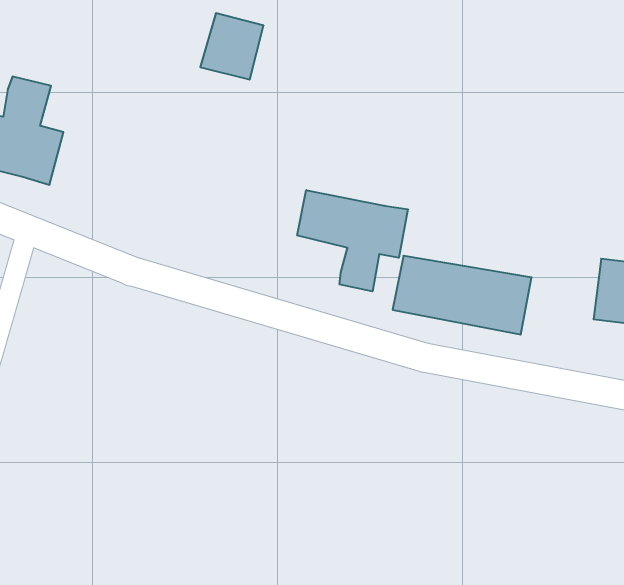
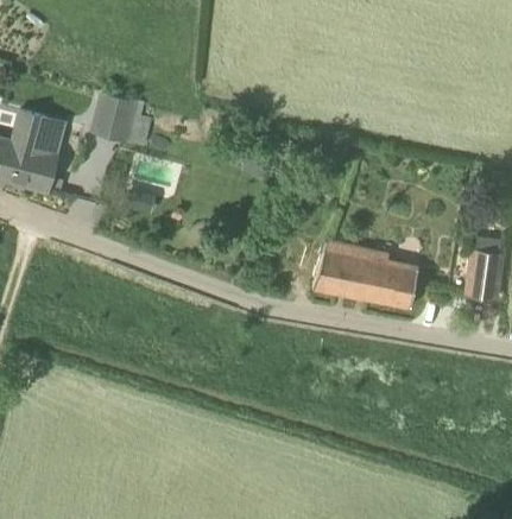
building: [200,13,264,80] -> [89,90,138,141]
building: [297,190,408,291] -> none

